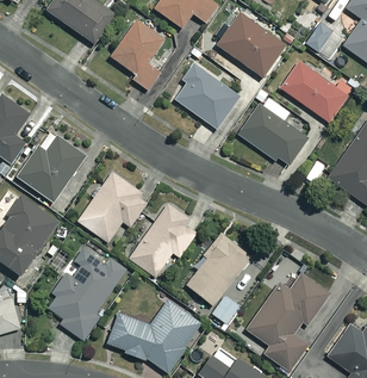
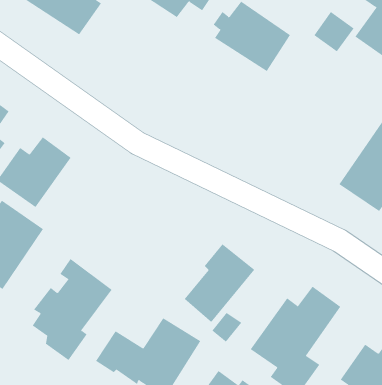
building: [110,21,164,89] -> none
building: [279,62,346,123] -> none
building: [173,64,237,129] -> none
building: [237,95,305,168] -> none
building: [77,171,150,241] -> none
building: [130,202,201,275] -> none

